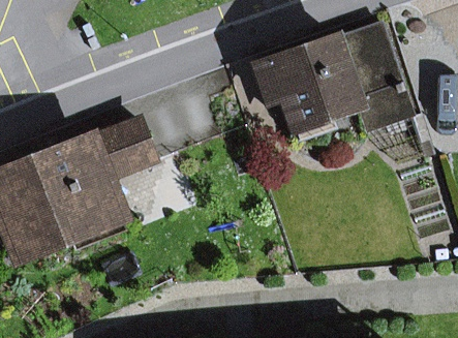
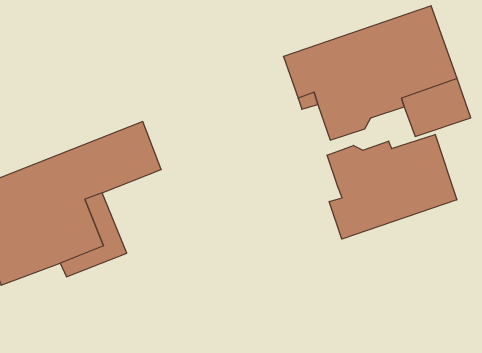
building: none -> [327,134,457,239]

